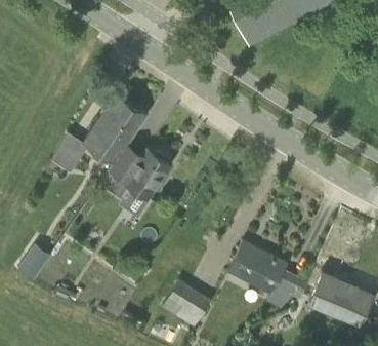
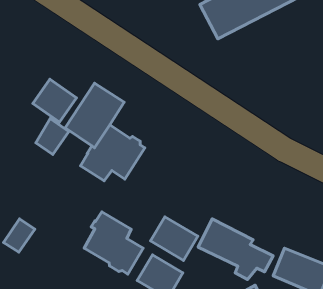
building: none -> [33,79,76,122]
building: none -> [84,212,143,274]
building: none -> [151,217,198,260]

